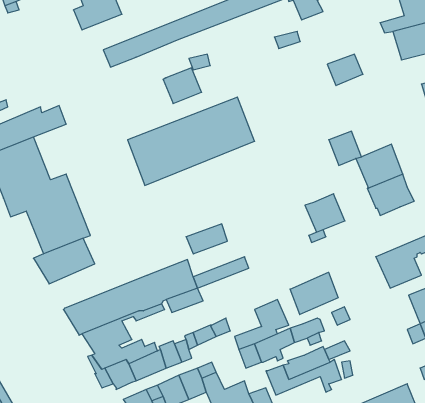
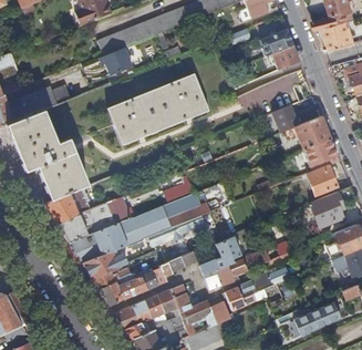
building: none -> [259,29,292,55]
building: [163,68,202,104] -> [101,48,131,75]
building: [305,194,345,232] -> [306,164,337,194]
building: none -> [55,203,132,243]
building: [290,272,338,315] -> none

